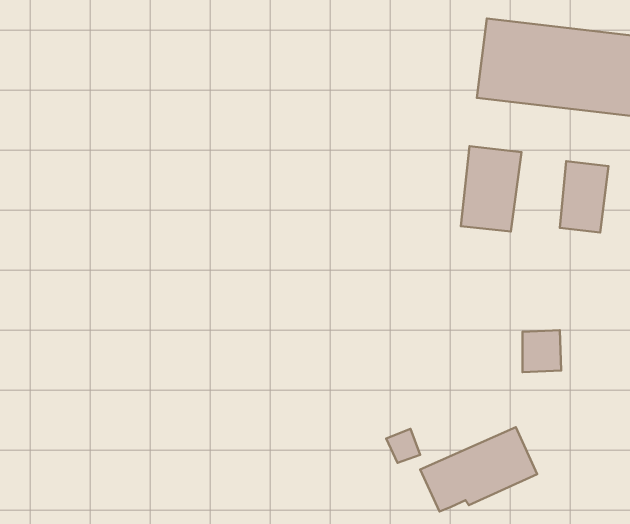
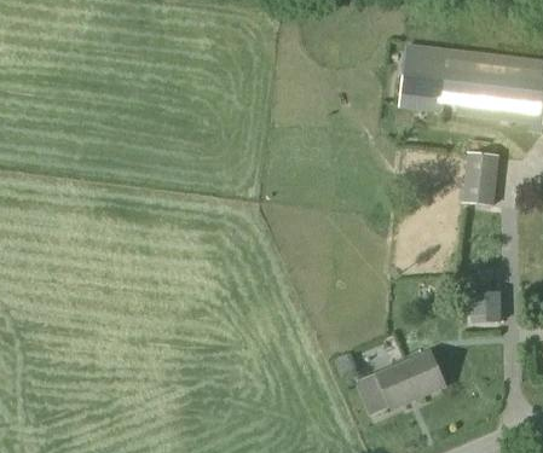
building: [461,146,521,232] -> none
building: [522,330,561,372] -> [473,289,502,320]

